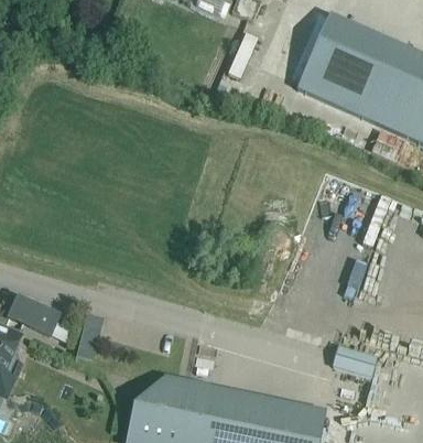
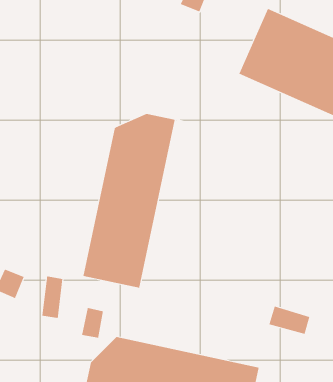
building: none -> [83,113,194,288]
building: none -> [81,307,103,339]

